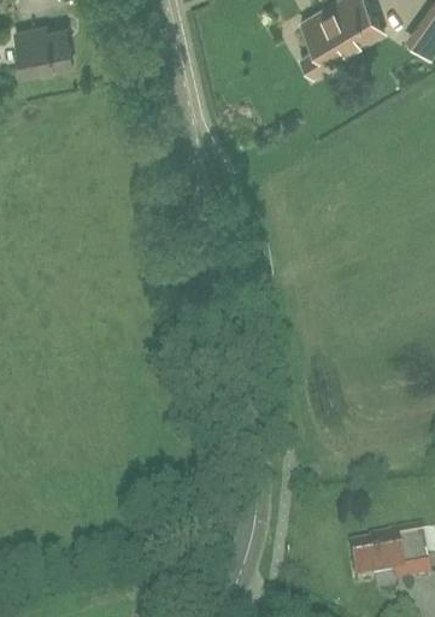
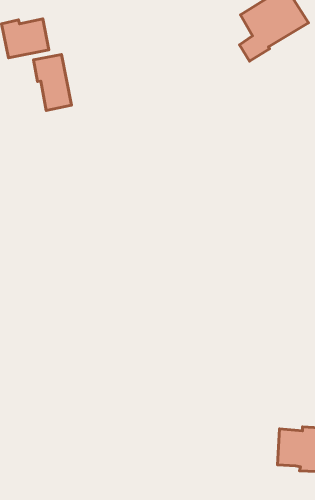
building: none -> [34,55,72,110]

